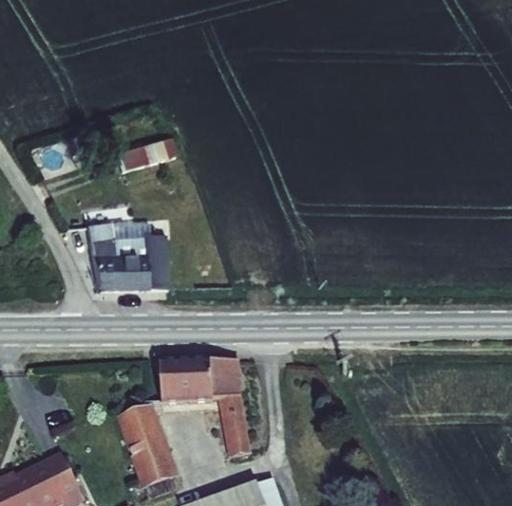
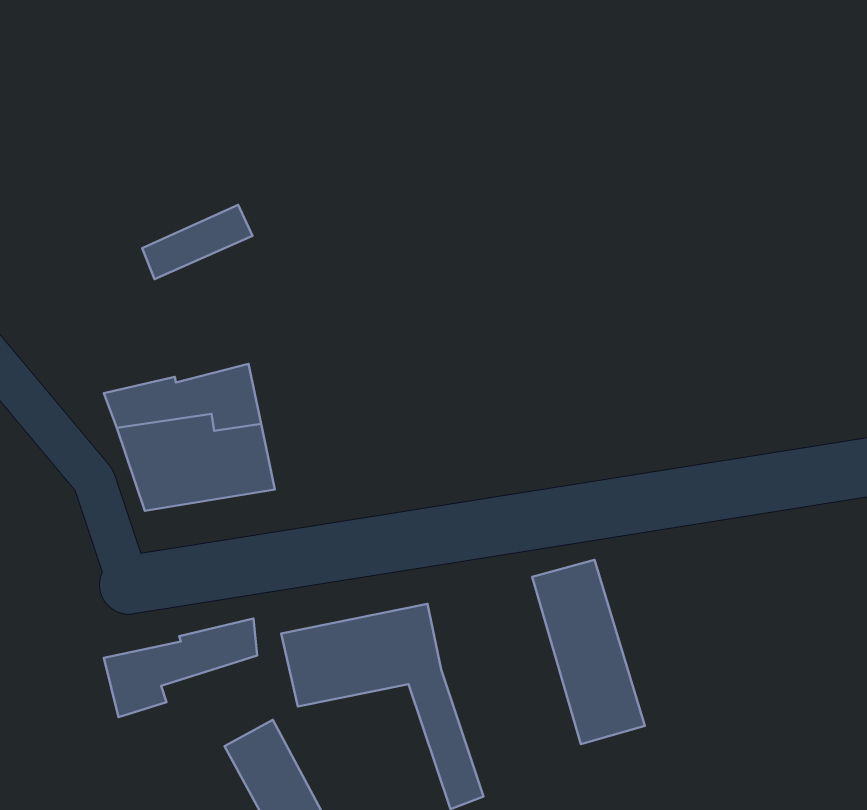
building: none -> [532,560,645,744]
building: none -> [104,619,257,717]

